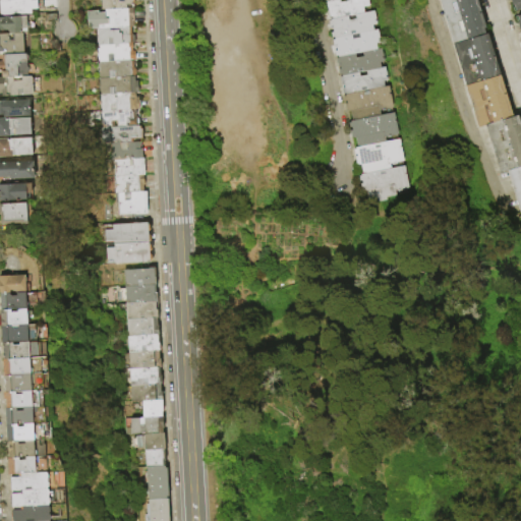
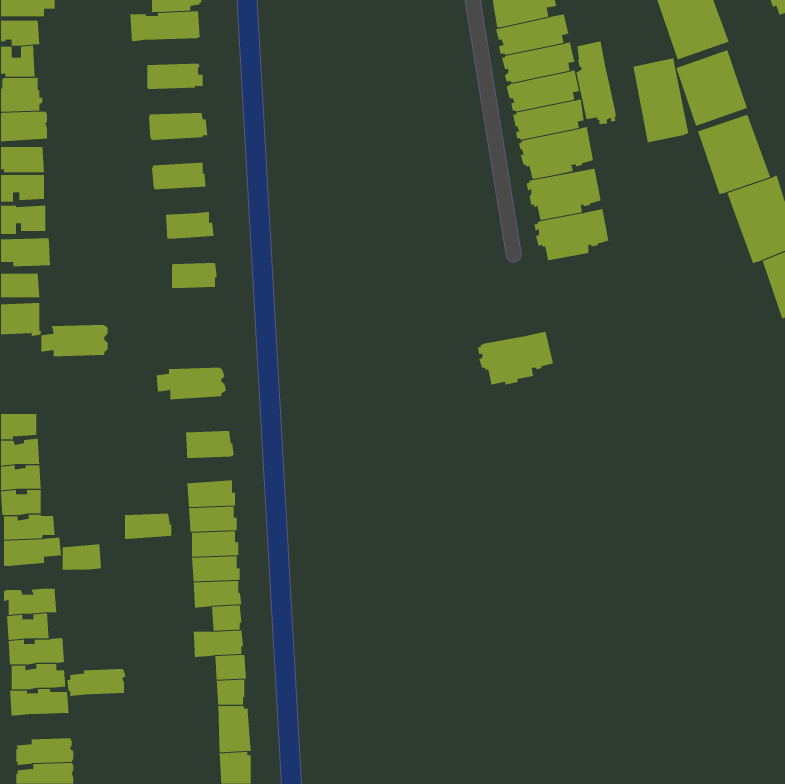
building: [97,25,133,43] -> none
building: none -> [576,41,616,125]
building: none -> [633,57,689,143]
building: [100,58,137,75] -> none
building: [101,91,140,109] -> none
building: [102,123,143,141] -> none
building: [115,156,146,174] -> none
building: [359,164,410,199] -> [477,331,554,385]
building: [118,189,149,213] -> none
building: [105,222,150,243] -> [40,324,108,357]
building: [123,267,156,285] -> none
building: [125,301,157,319] -> [124,513,172,539]
building: [6,371,33,389] -> [62,544,102,570]
building: [10,470,50,488] -> [66,669,127,696]

